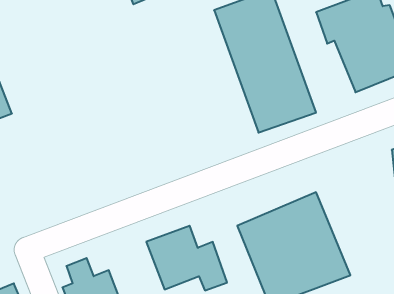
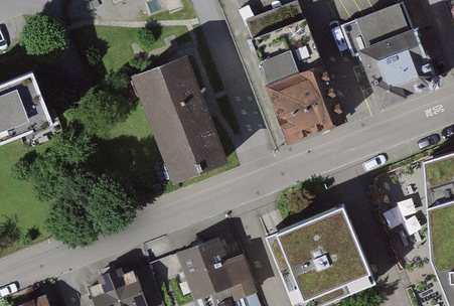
building: none -> [131,54,223,178]

